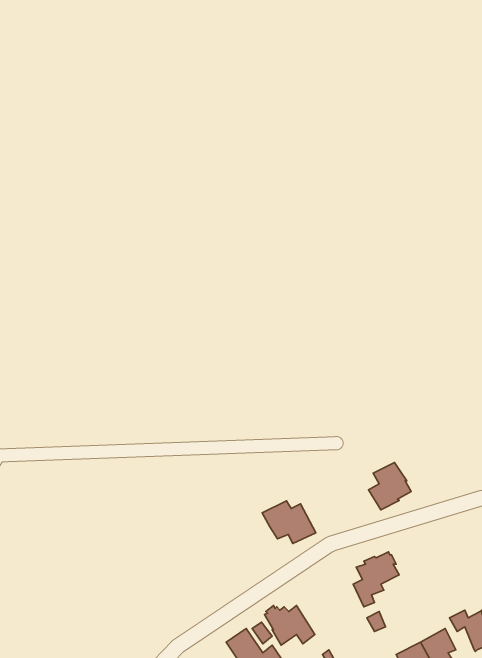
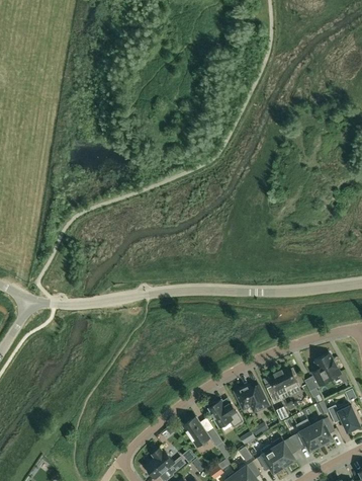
building: [368,462,411,510] -> [313,353,342,385]
building: [262,501,316,544] -> [235,383,270,411]

